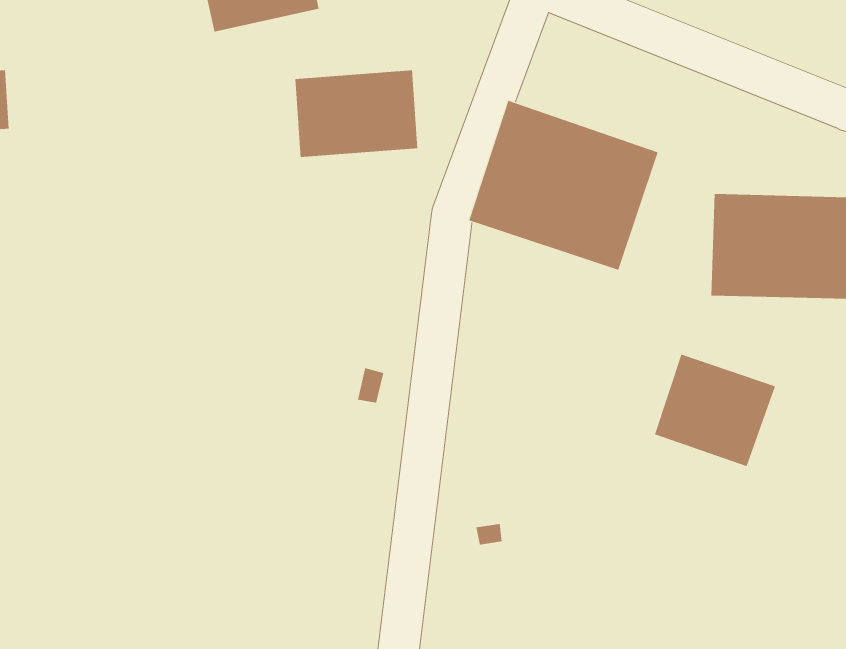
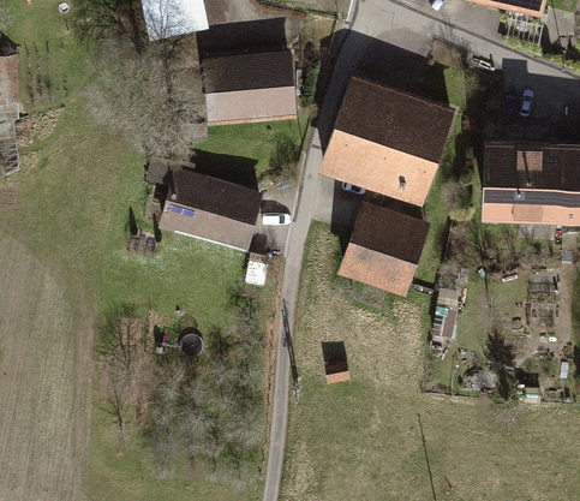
building: none -> [163,173,261,246]
building: [654,354,776,467] -> [345,210,426,286]

